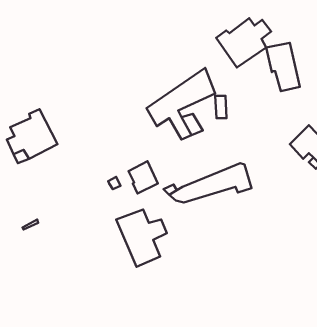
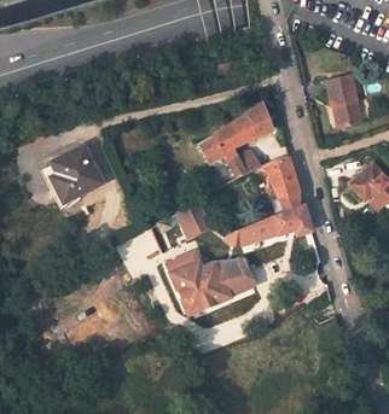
building: [216,18,271,68] -> none
building: none -> [263,157,298,210]
building: none -> [205,262,250,304]

